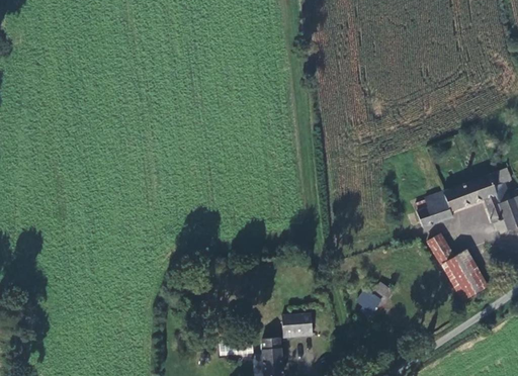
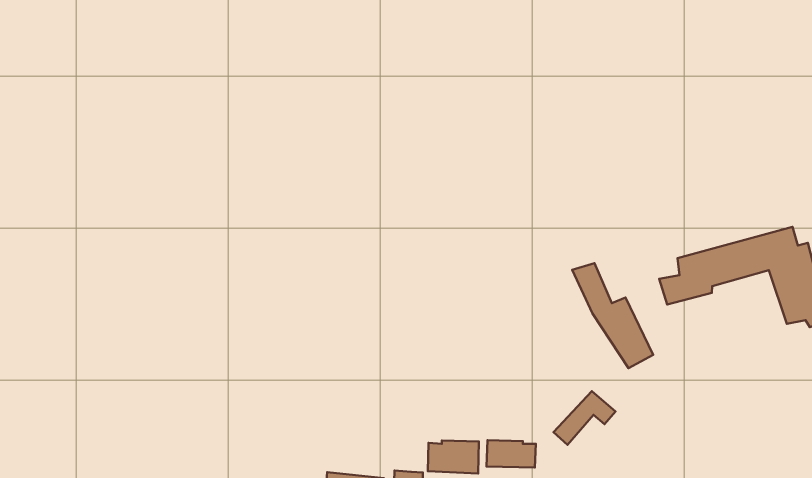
building: [427,238,480,299] -> [572,263,653,368]
building: none -> [486,440,536,467]

